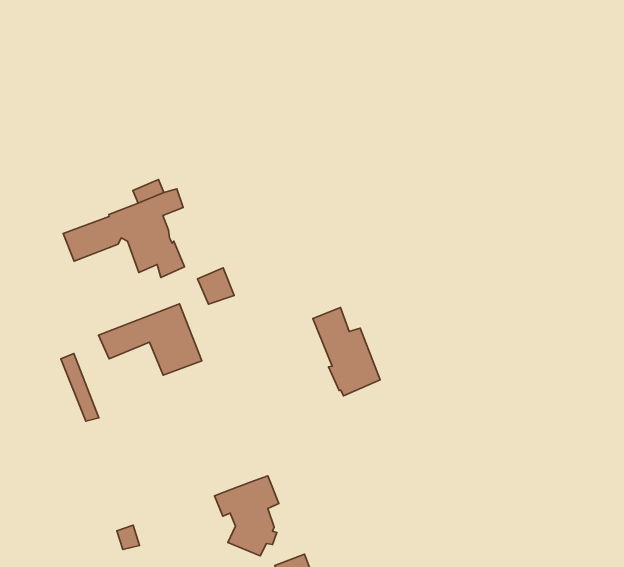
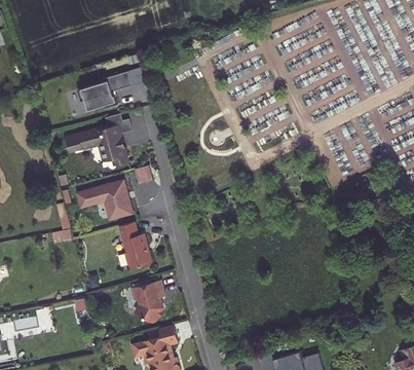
building: none -> [77,71,133,111]
building: [313,308,380,396] -> [120,224,152,271]

